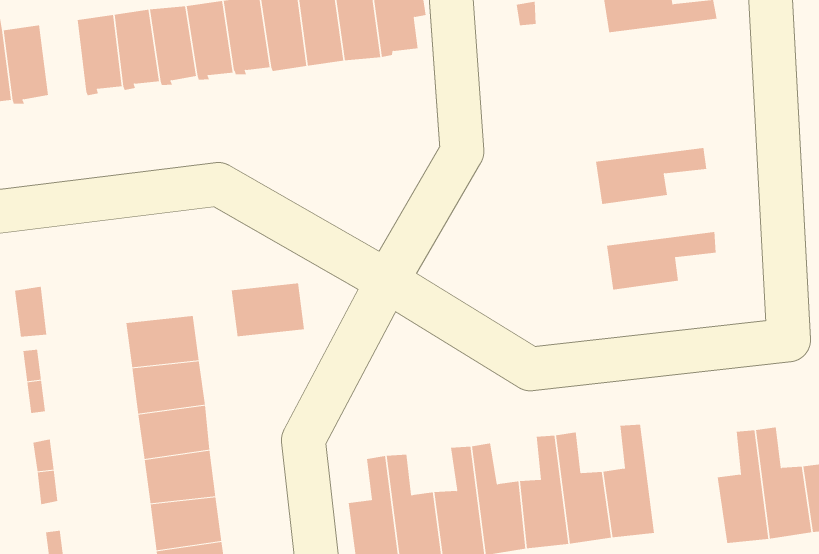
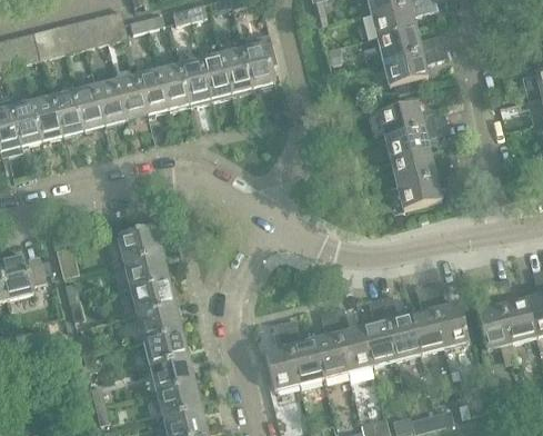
building: none -> [383,46,448,87]
building: none -> [53,90,84,138]
building: none -> [378,102,446,137]
building: none -> [391,151,459,185]
building: [231,283,305,337] -> [117,227,162,262]
building: none -> [429,283,469,348]

